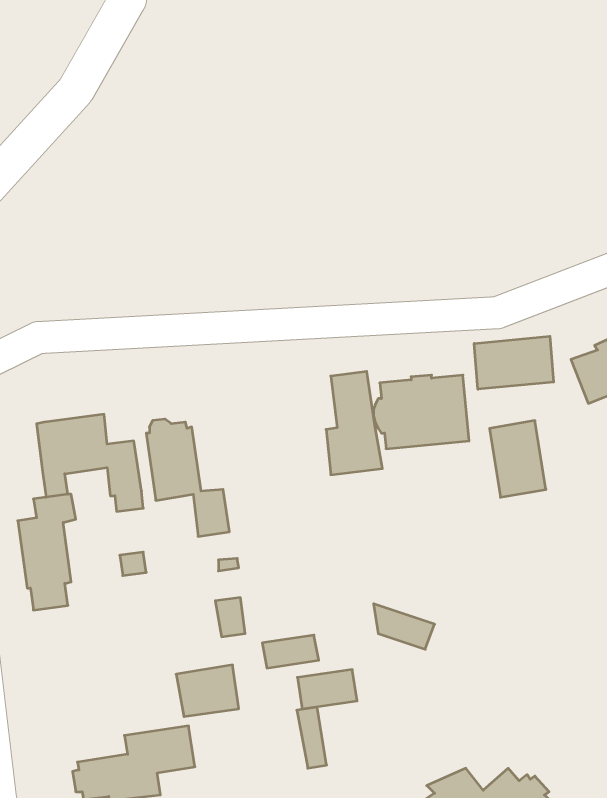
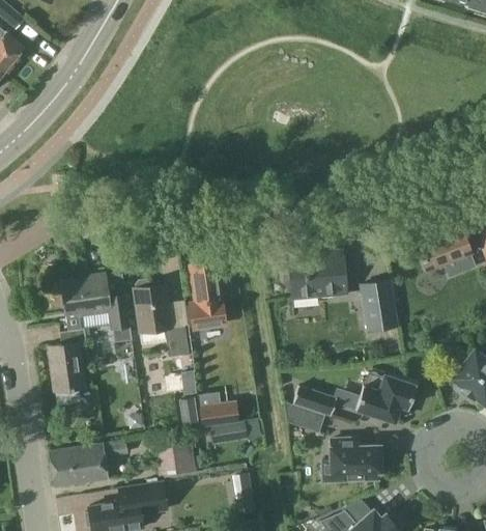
building: [474,336,554,389] -> none
building: [326,371,382,475] -> [188,262,225,331]
building: none -> [344,374,417,422]
building: none -> [293,387,337,415]
building: none -> [330,439,379,480]
building: none -> [50,444,107,486]
building: [297,670,357,709] -> [199,401,238,427]

